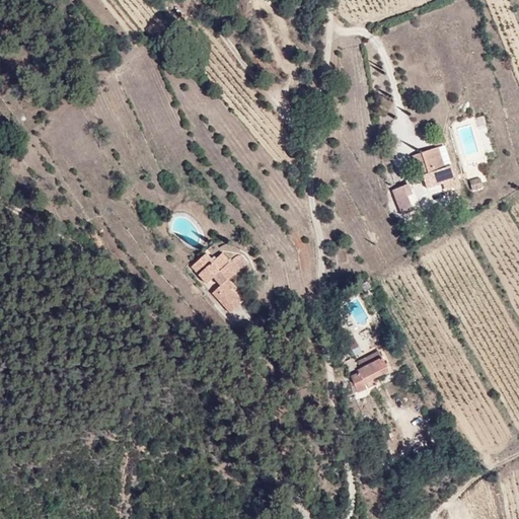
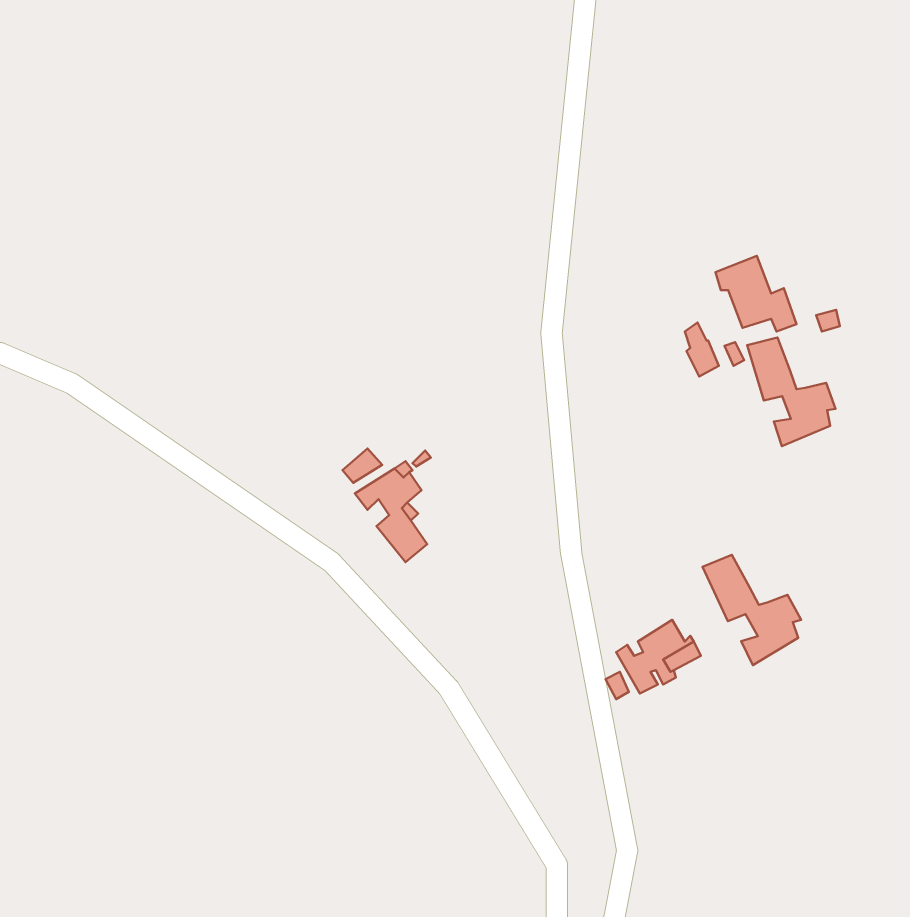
building: none -> [747,337,836,446]
building: none -> [702,555,801,665]

